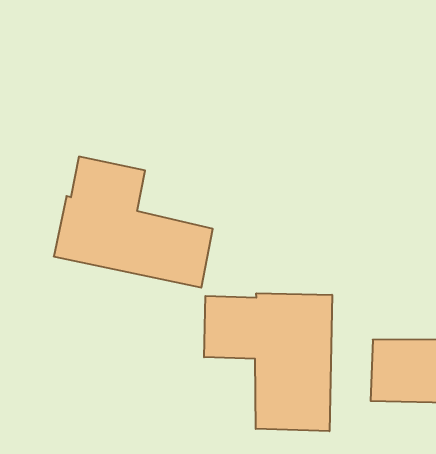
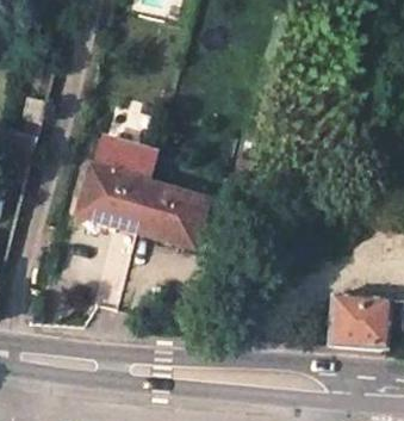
building: [204,293,332,431] -> none

